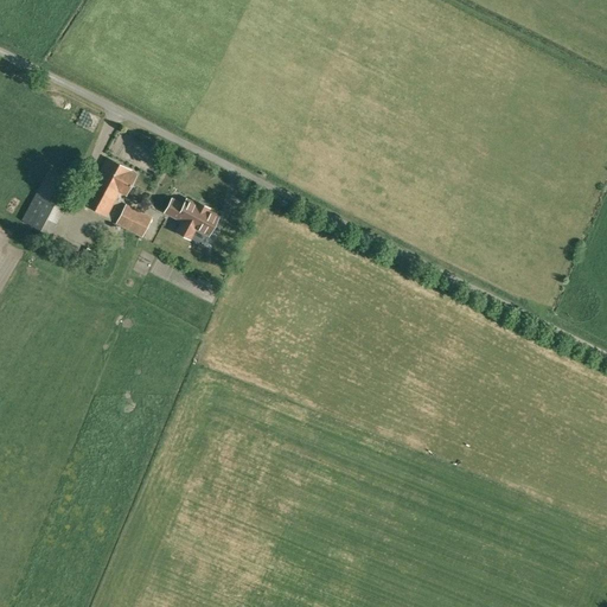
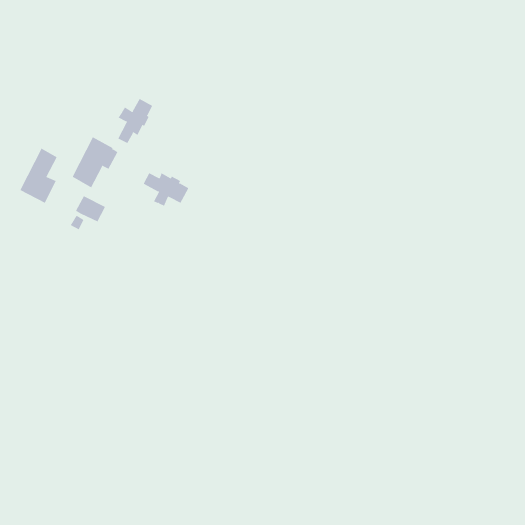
building: none -> [117,98,153,144]
building: [116,205,152,236] -> [75,196,106,222]

